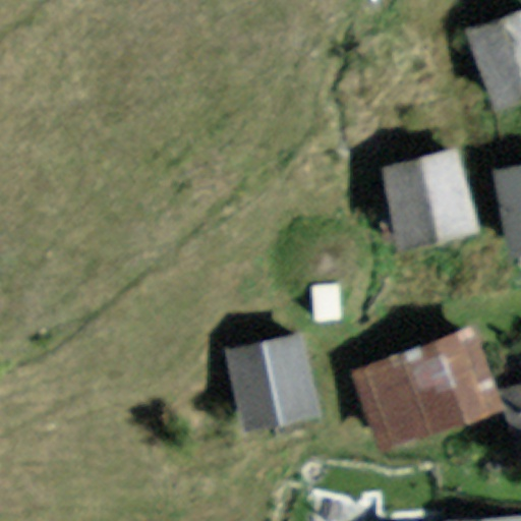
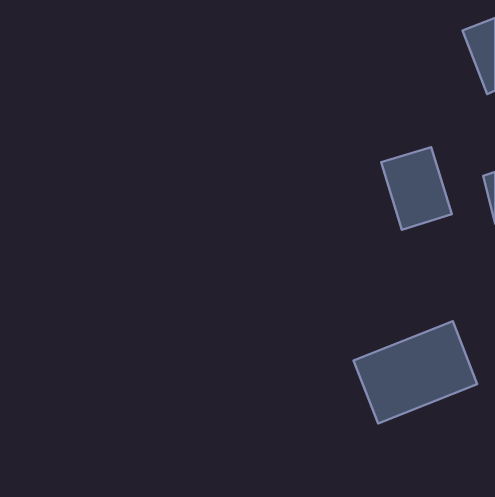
building: [235,342,307,429] -> none

